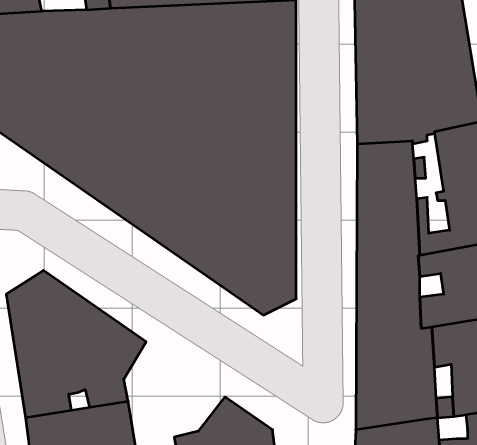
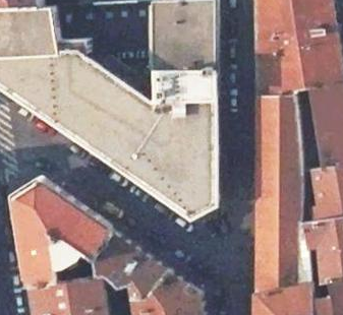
building: none -> [97,234,166,299]

